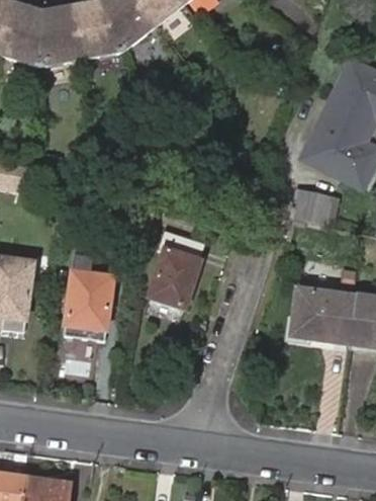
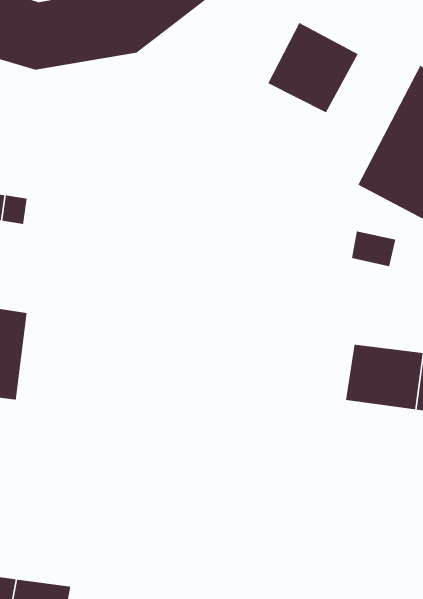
building: none -> [267,22,358,113]
building: [150,230,203,309] -> none
building: [65,249,112,341] -> none

